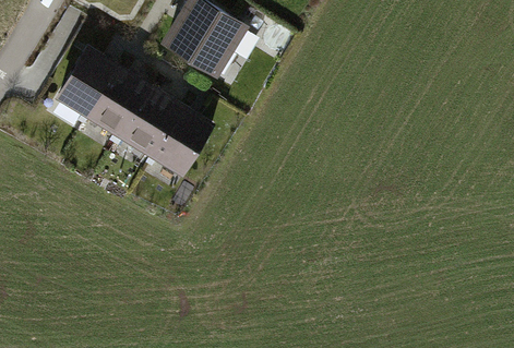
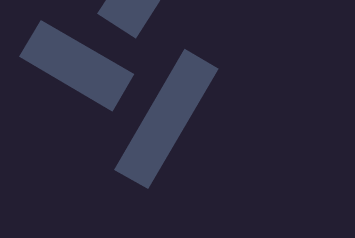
building: none -> [113,48,220,190]

